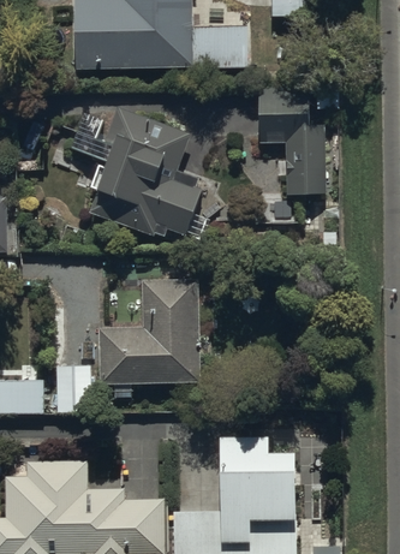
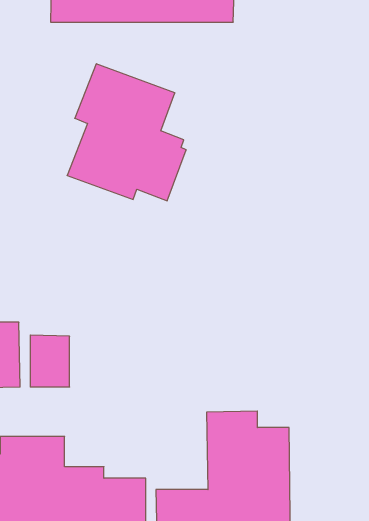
building: [258,85,326,193] -> none
building: [97,278,199,385] -> none

